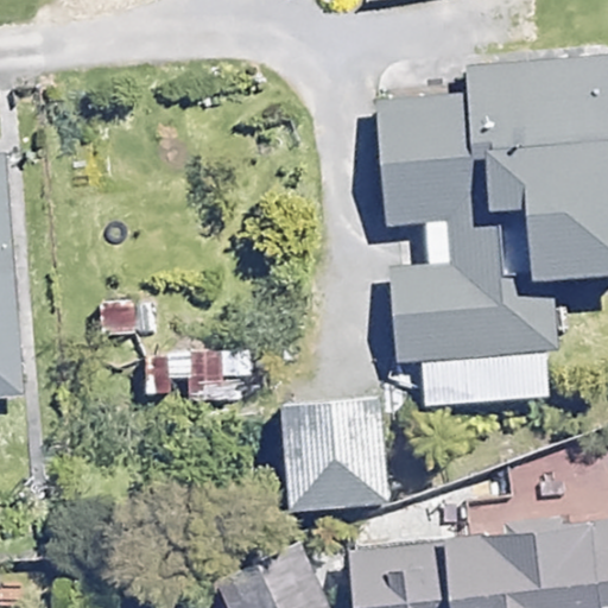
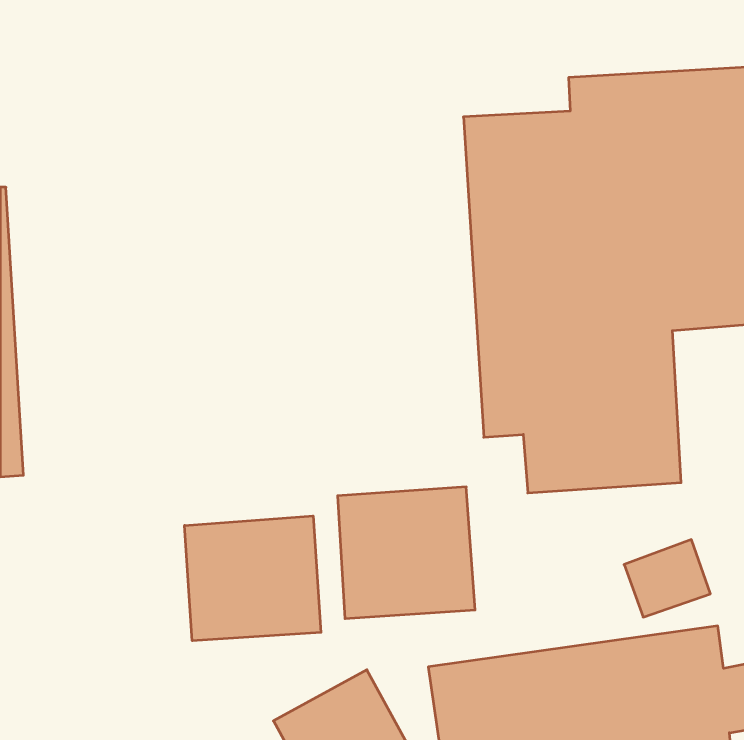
building: none -> [185,516,321,641]

